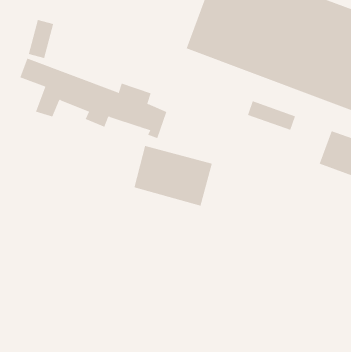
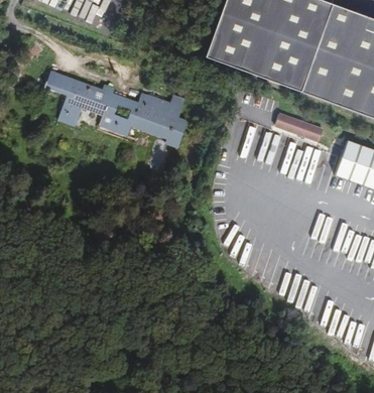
building: [28,19,54,59] -> none
building: [134,145,213,207] -> none

